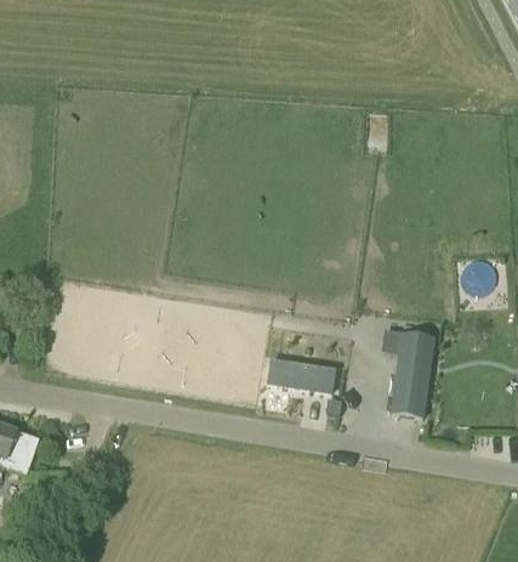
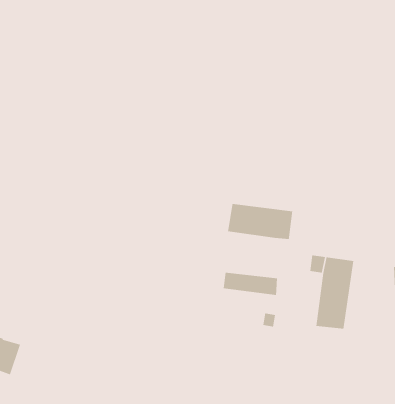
building: none -> [227,203,293,240]

